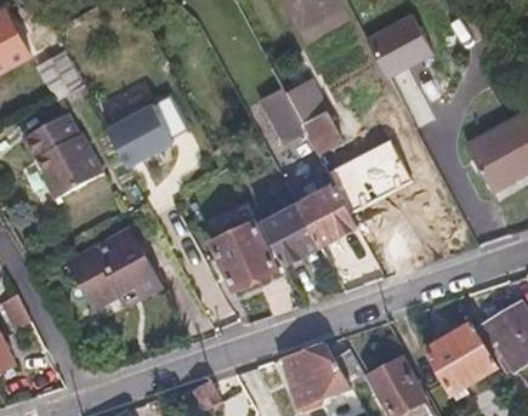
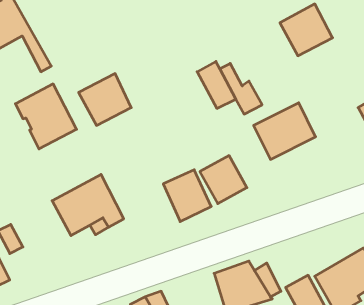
building: [299,187,358,247] -> none

